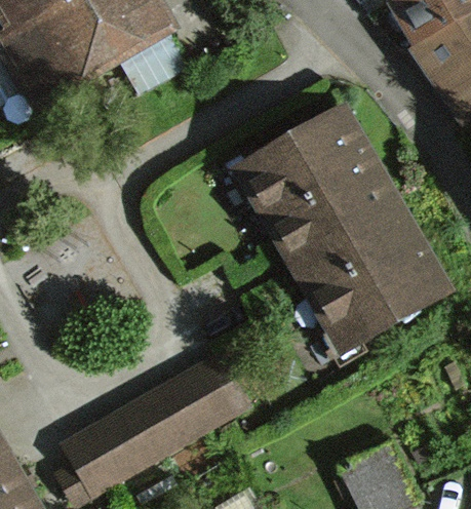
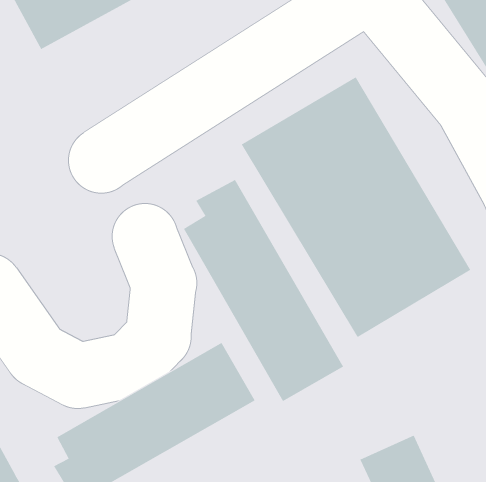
building: none -> [183,179,344,402]

